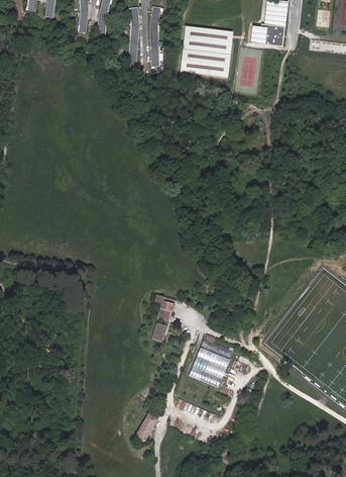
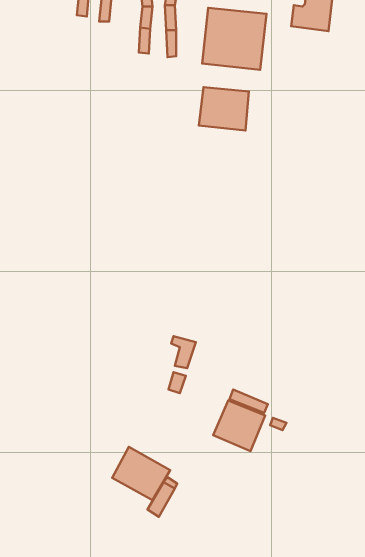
building: none -> [199,87,249,130]
building: none -> [112,447,170,500]

